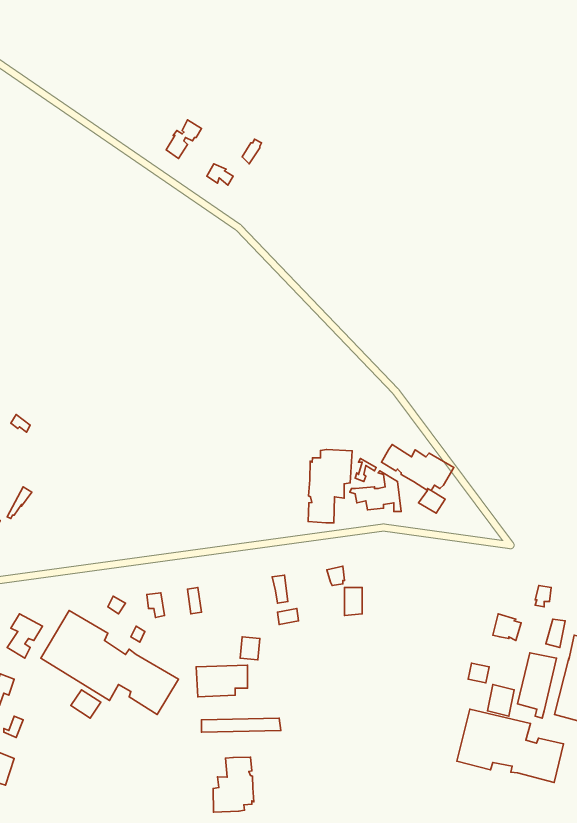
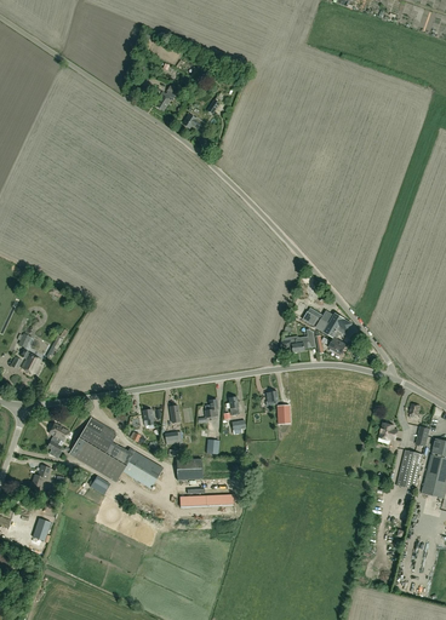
building: [308,449,352,523] -> none
building: [457,709,564,783] -> none
building: [213,757,254,812] -> none

